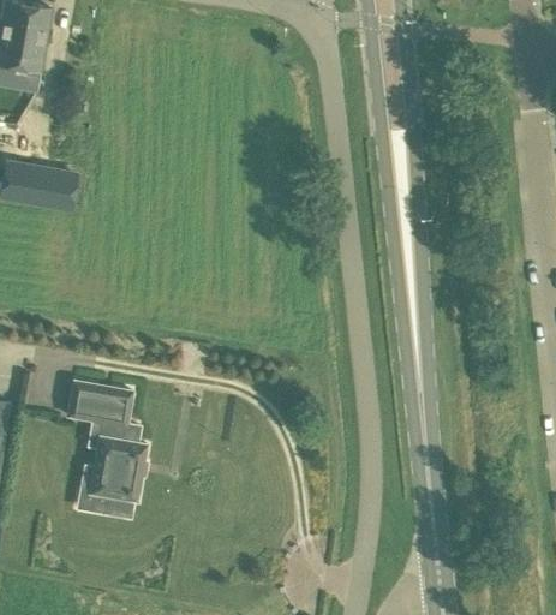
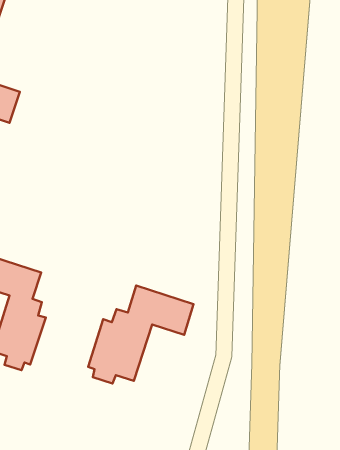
building: none -> [88,286,193,384]

